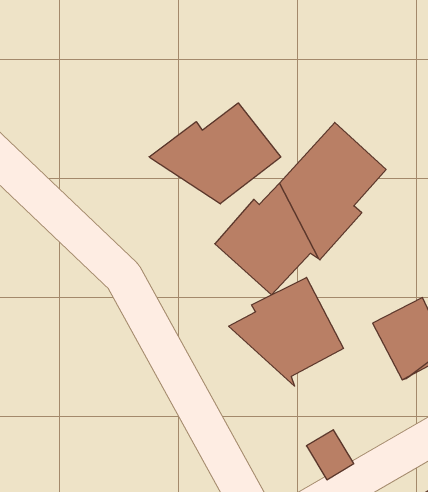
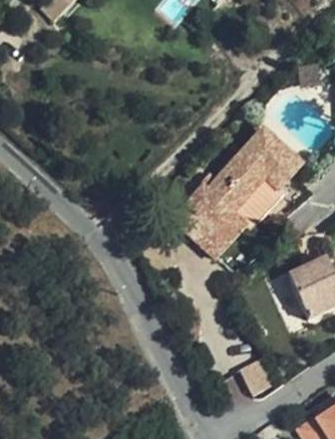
building: [149,103,281,204] -> none
building: [229,277,343,386] -> none

